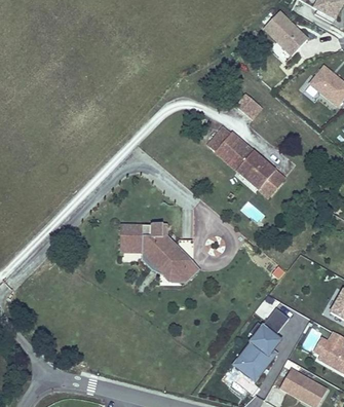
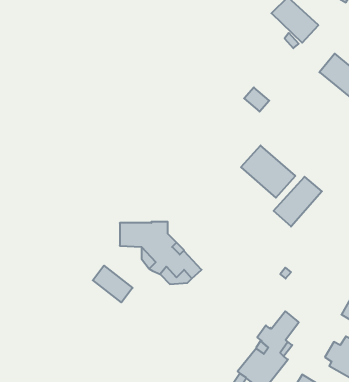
building: [206,125,254,172] -> none
building: none -> [274,177,322,227]
building: none -> [93,266,133,302]

